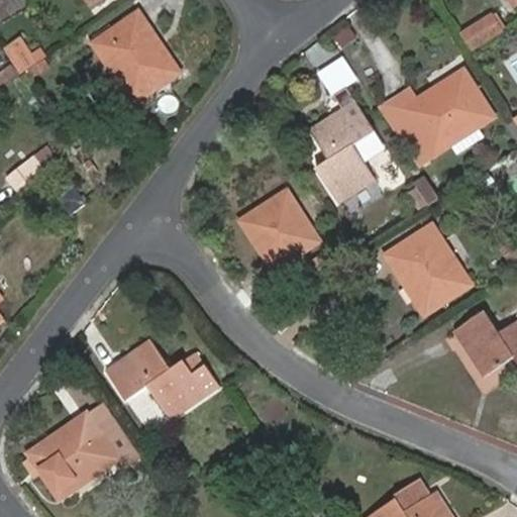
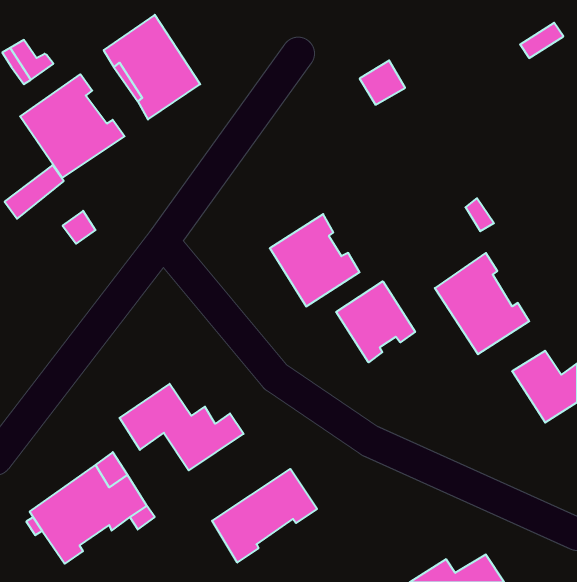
building: none -> [20,74,125,178]
building: [401,70,492,156] -> none
building: [311,102,373,202] -> none
building: none -> [336,281,415,362]
building: none -> [212,469,317,563]

